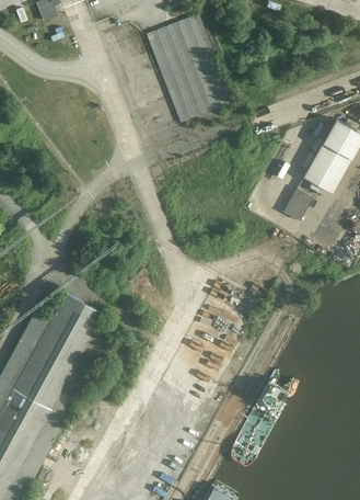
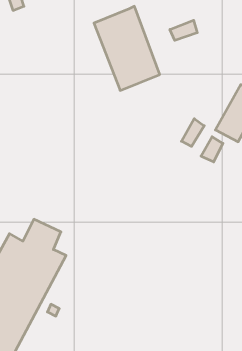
building: none -> [170,20,197,40]
building: none -> [181,119,204,146]

